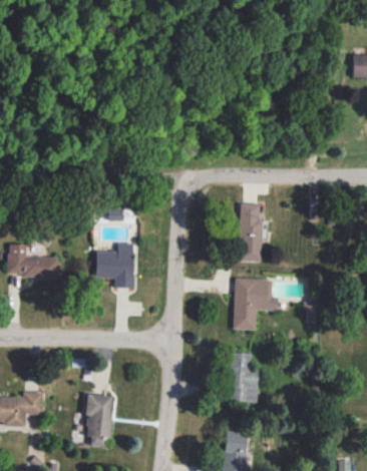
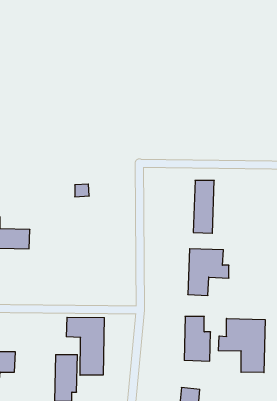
building: [95,243,133,289] -> none
building: none -> [66,317,104,375]
building: none -> [218,318,265,373]

